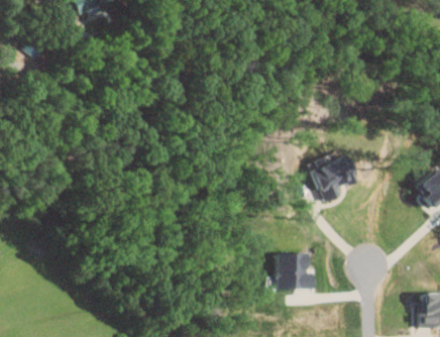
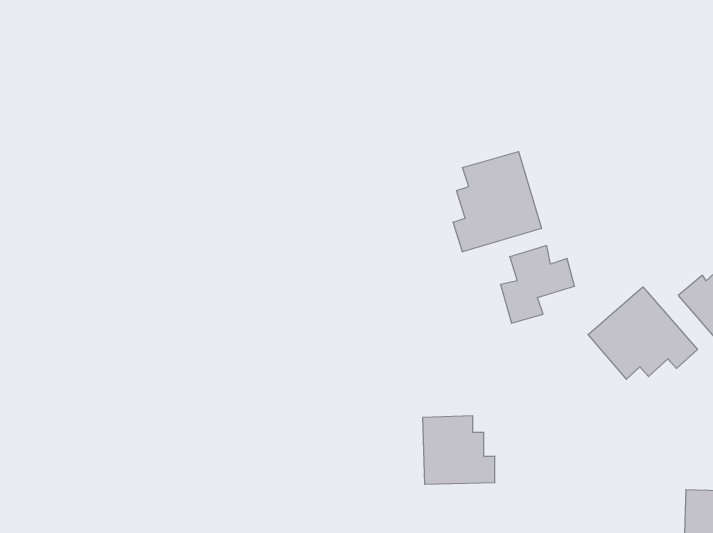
building: none -> [453,152,541,252]
building: none -> [588,287,697,379]

